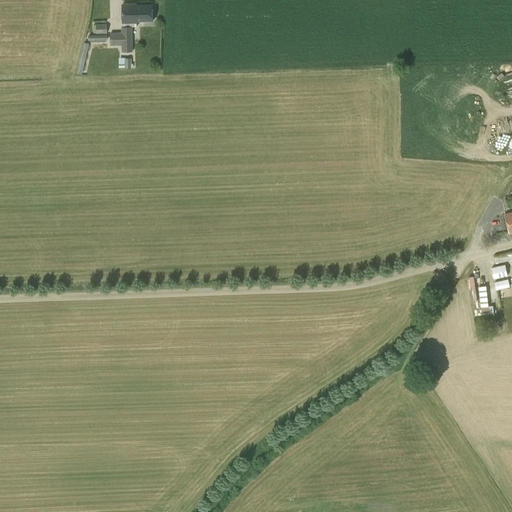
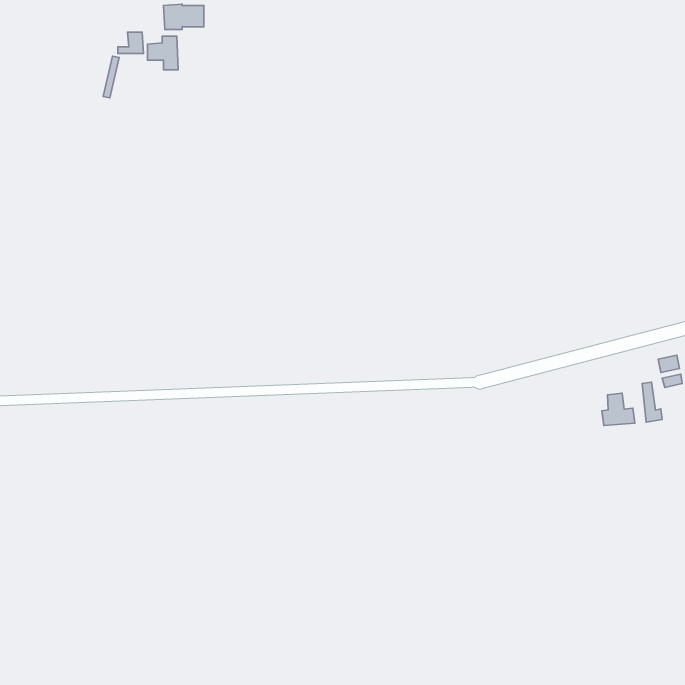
building: none -> [602,393,635,426]

